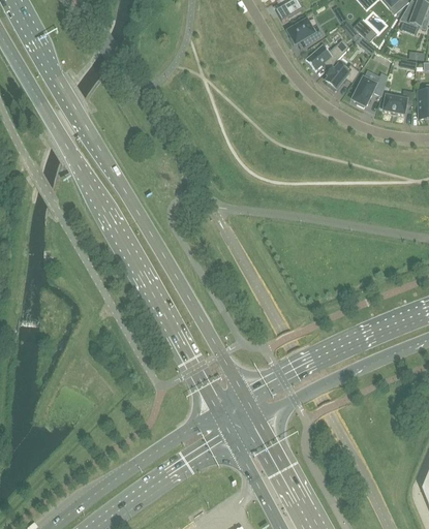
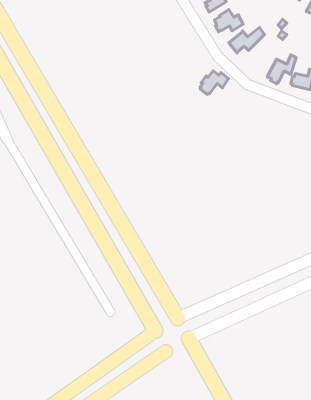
building: [326,60,360,89] -> [200,71,228,95]

